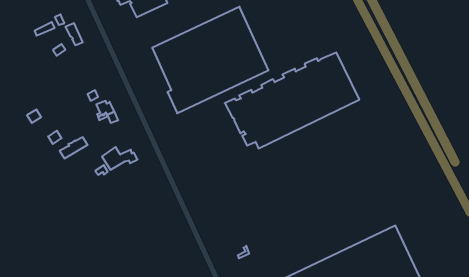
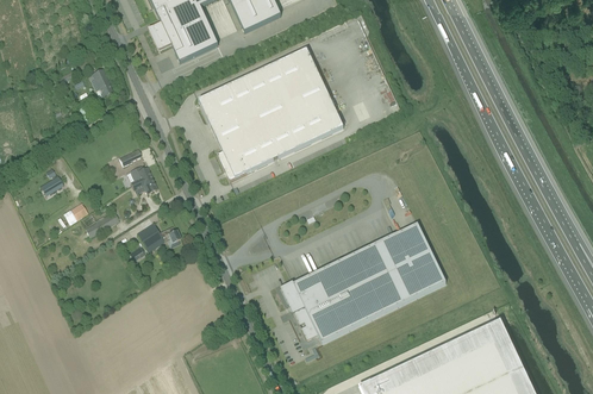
building: [225,52,359,148] -> [279,223,445,342]

